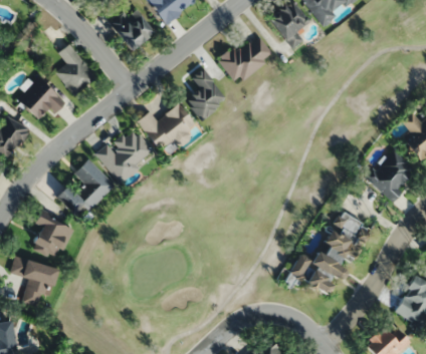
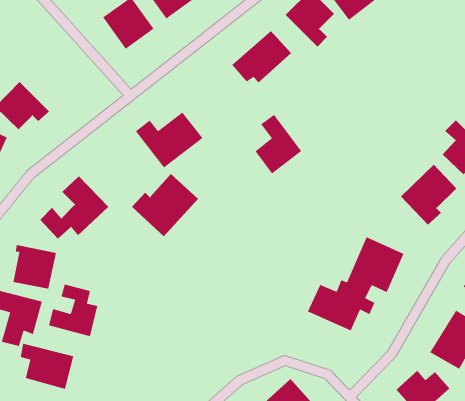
building: [56,44,95,95] -> none
building: [186,68,227,120] -> [254,114,302,174]
building: [95,127,154,183] -> [131,173,199,237]
building: none -> [48,284,98,337]
building: none -> [20,343,74,390]

